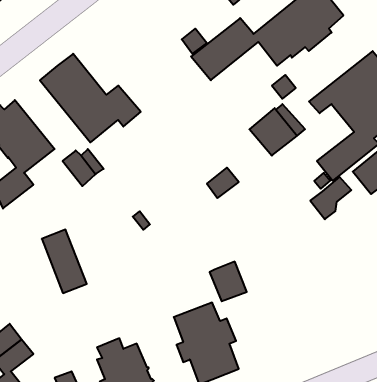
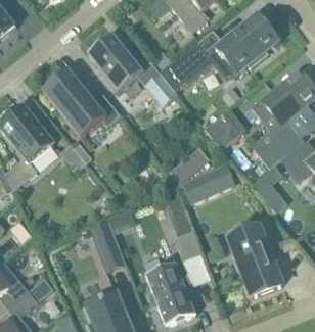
building: none -> [87,33,177,105]
building: none -> [195,163,232,195]
building: none -> [164,195,192,235]
building: [42,230,87,293] -> [90,220,125,269]
building: none -> [228,225,281,294]

